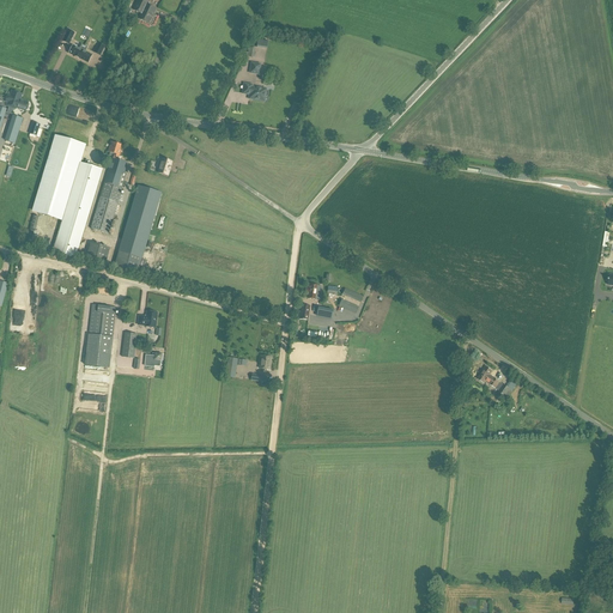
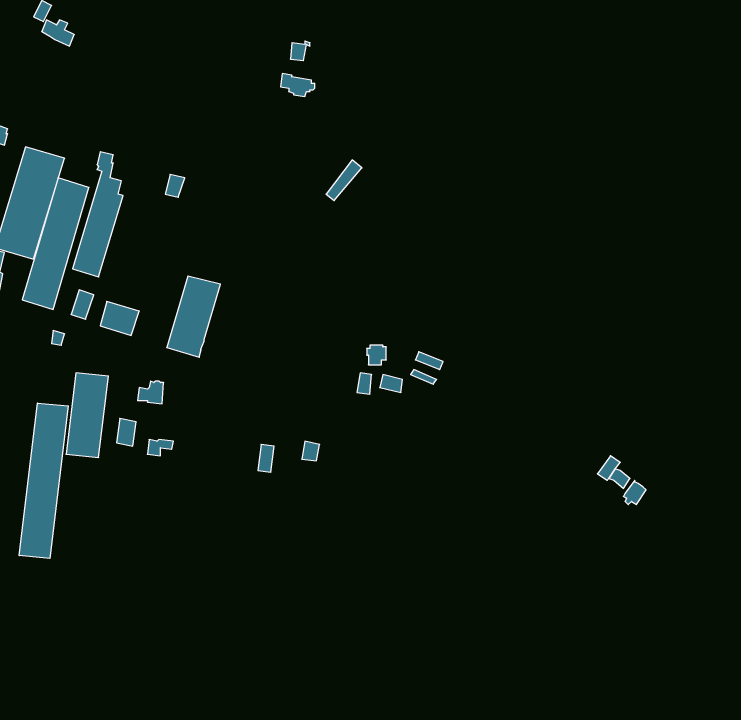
building: [122,184,162,244] -> [167,276,220,357]
building: none -> [19,403,68,558]

